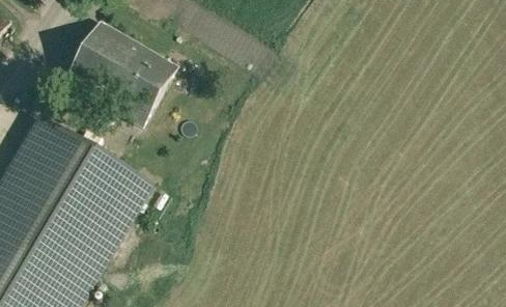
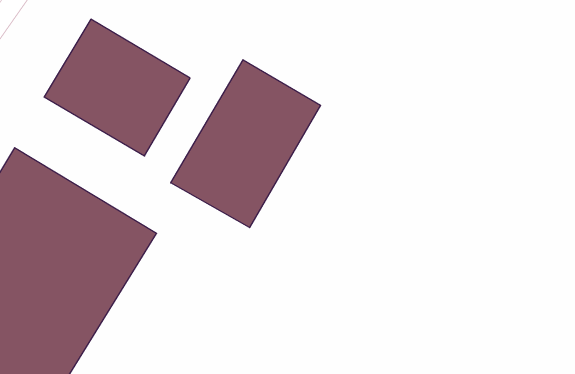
building: none -> [171,60,321,228]

